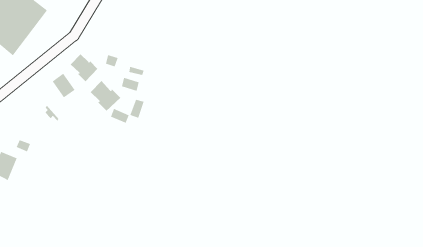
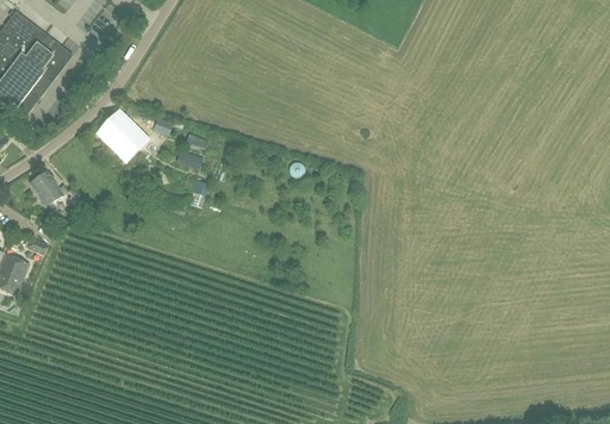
building: [52,73,75,98] -> [29,169,62,205]
building: [90,80,121,112] -> none

